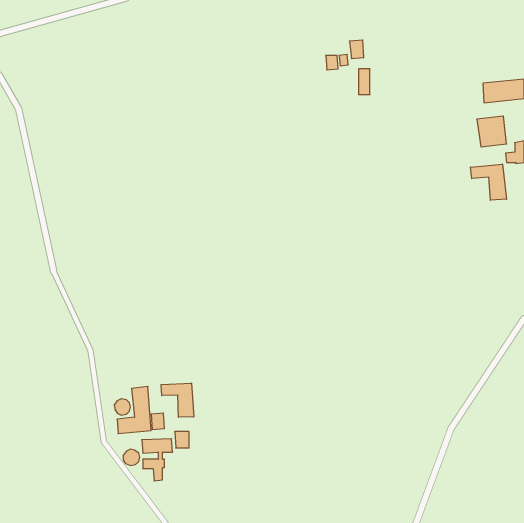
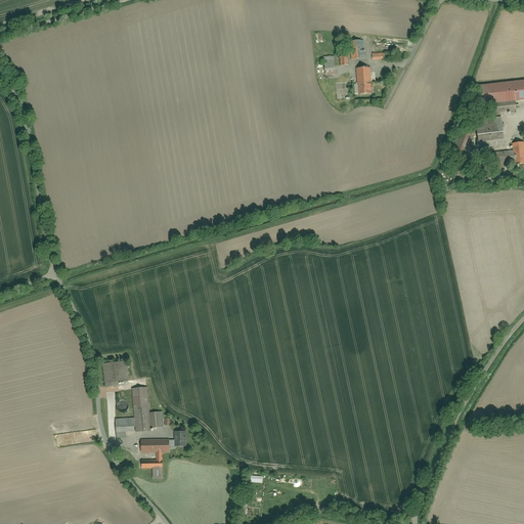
building: [471,164,507,200] -> none
building: none -> [104,361,130,383]
building: [161,383,194,417] -> none

